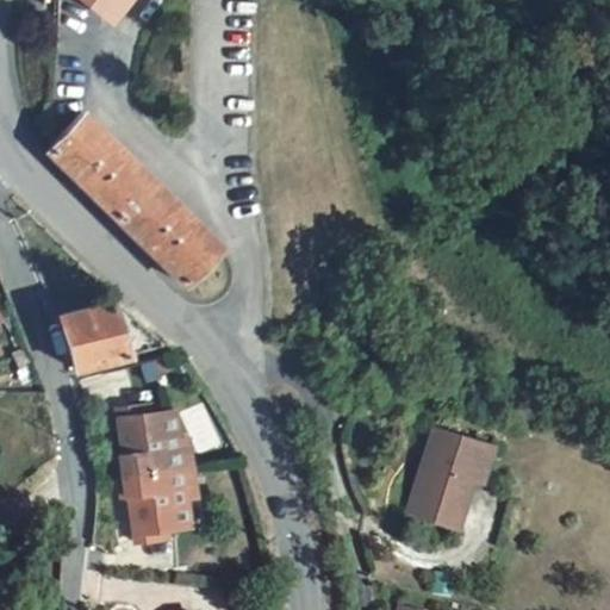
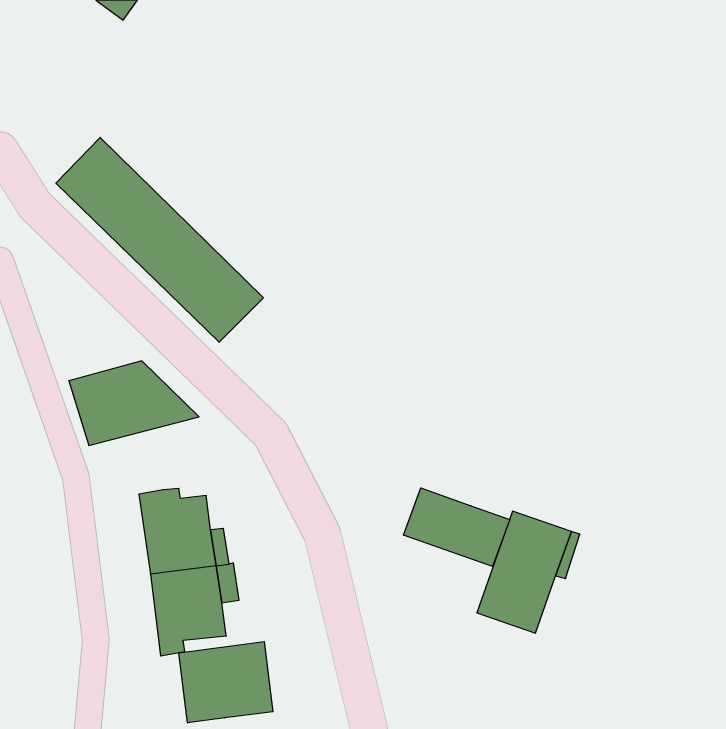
building: none -> [404,488,510,567]
building: none -> [179,642,273,723]

